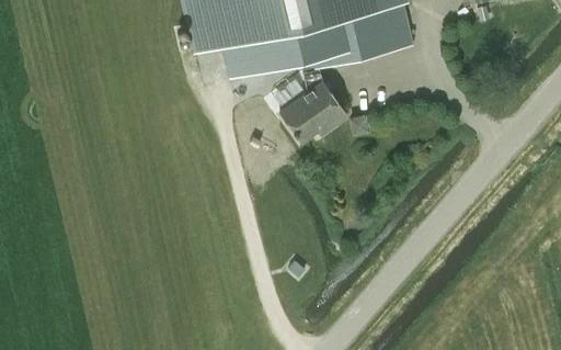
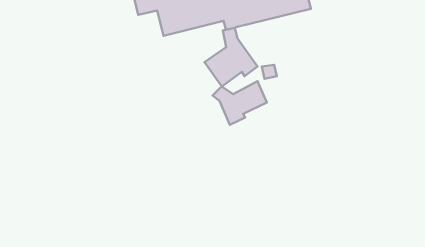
building: none -> [213,81,267,125]

